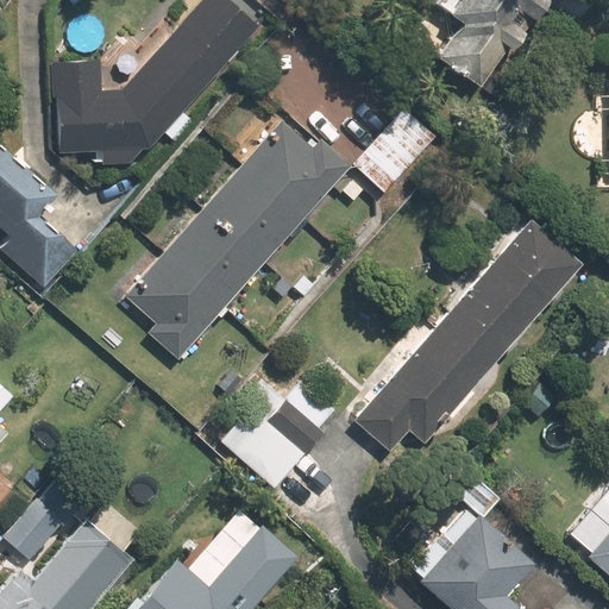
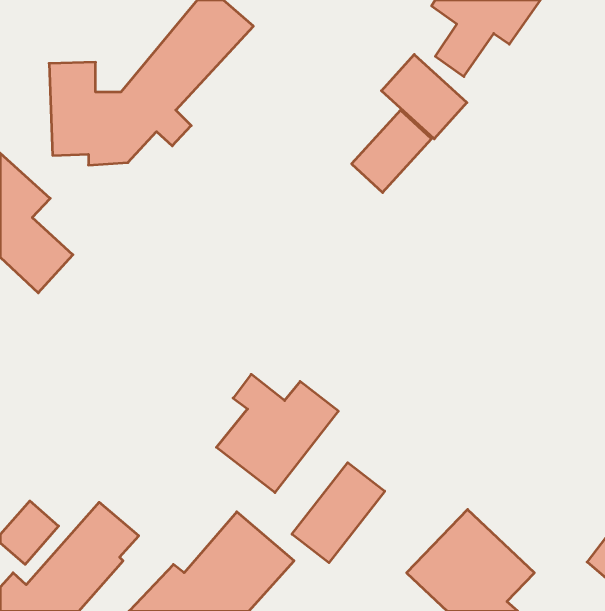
building: none -> [381,54,467,139]
building: [126,119,352,362] -> none
building: [357,221,576,452] -> none
building: none -> [292,463,385,563]

